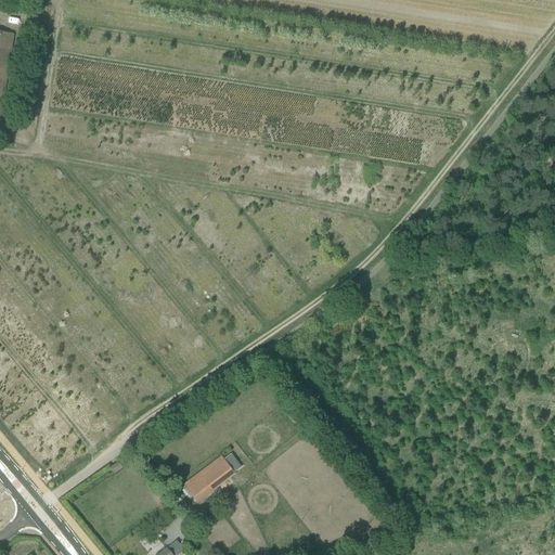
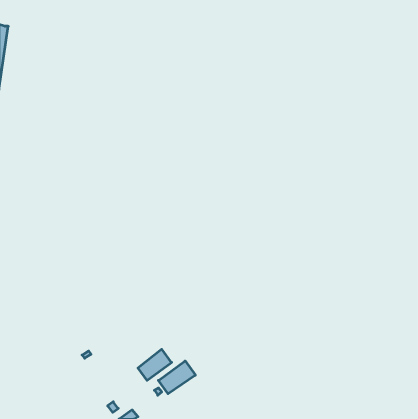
building: none -> [158,361,195,394]

